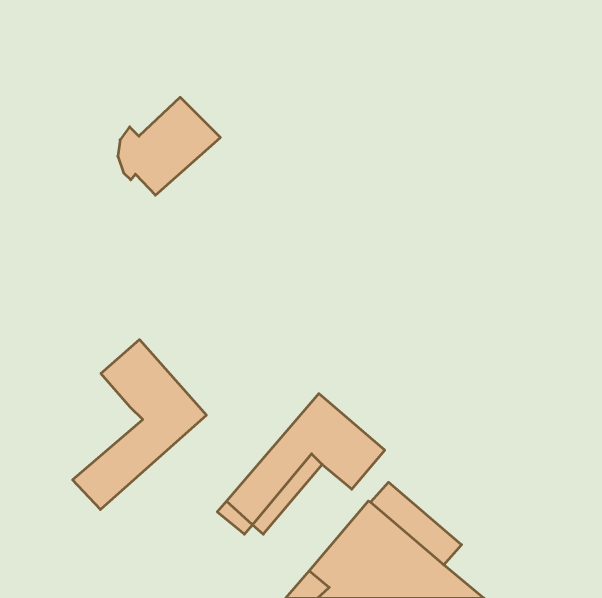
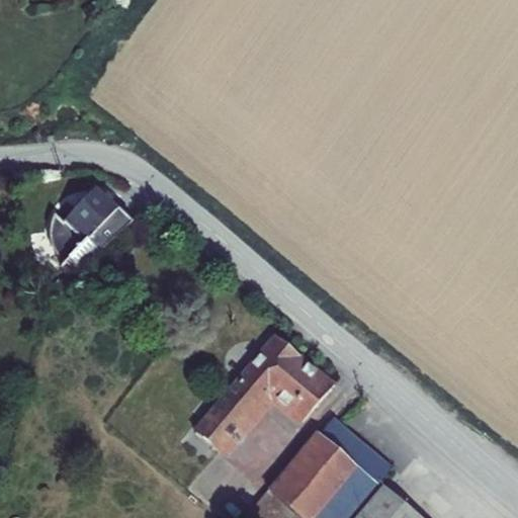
building: [118,97,220,195] -> [44,186,132,270]
building: [73,340,206,510] -> none

